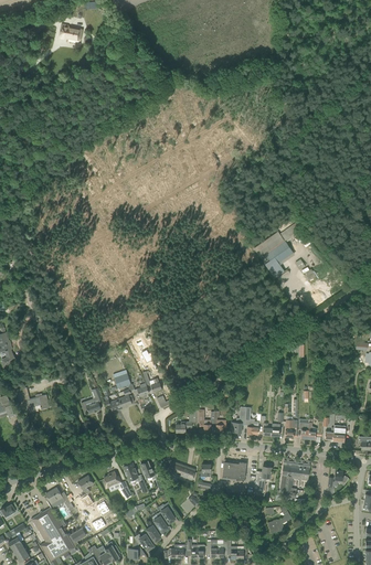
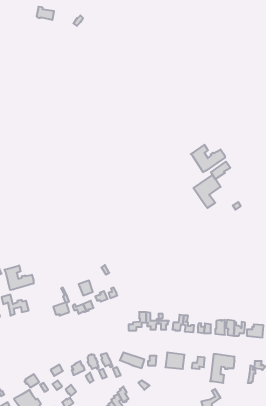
building: none -> [191,145,225,172]
building: none -> [4,265,34,290]

